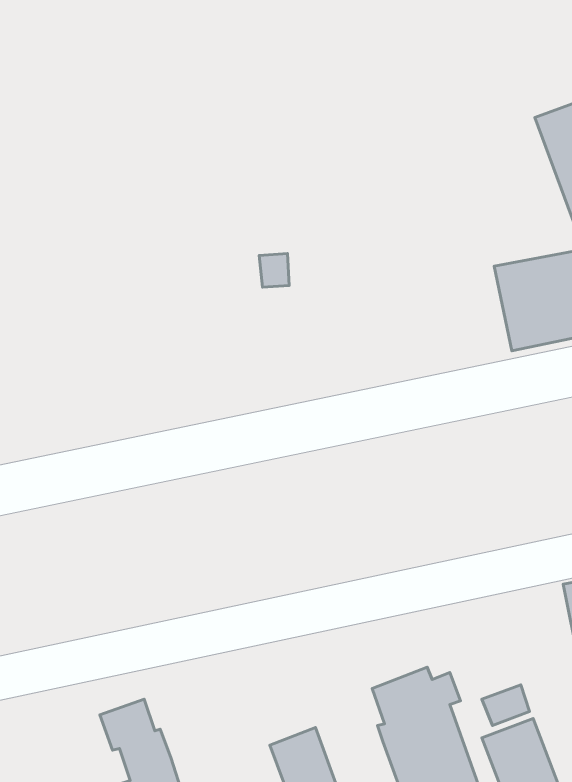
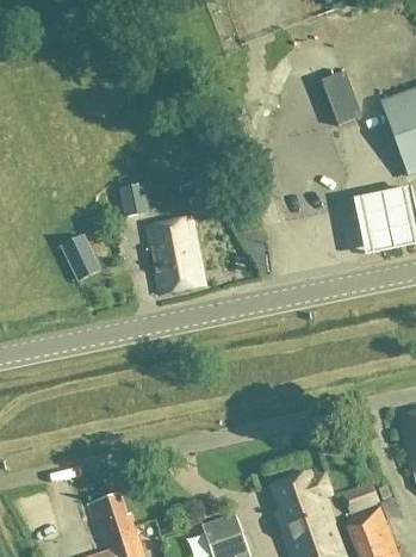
building: none -> [321,70,361,124]
building: none -> [118,181,150,216]
building: none -> [147,216,205,292]
building: none -> [60,231,101,280]

